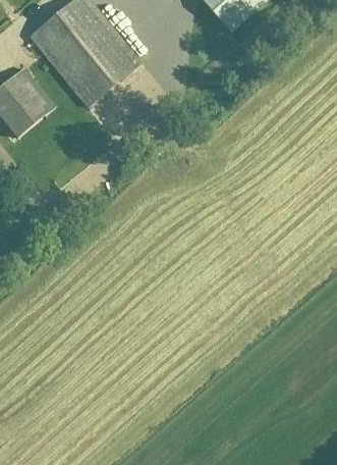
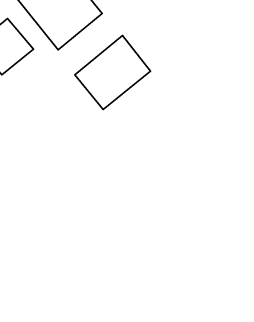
building: none -> [75,36,151,110]

